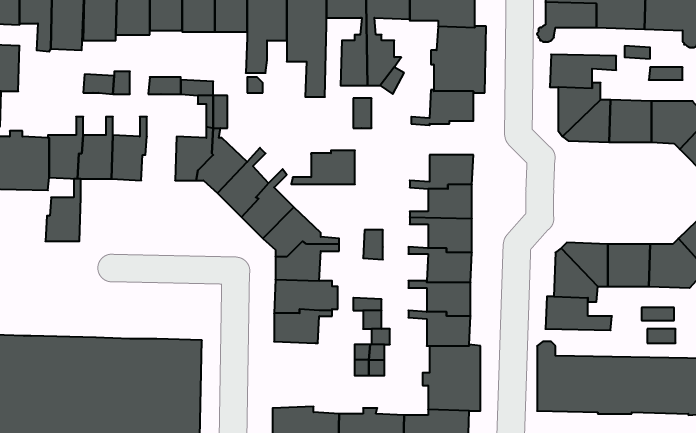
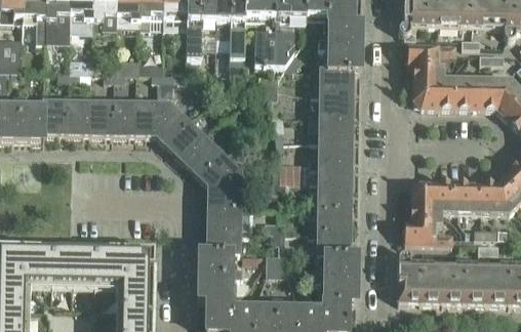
building: [291,150,355,184] -> [306,91,352,116]
building: [45,179,81,241] -> [111,89,136,134]
building: none -> [198,251,242,299]

